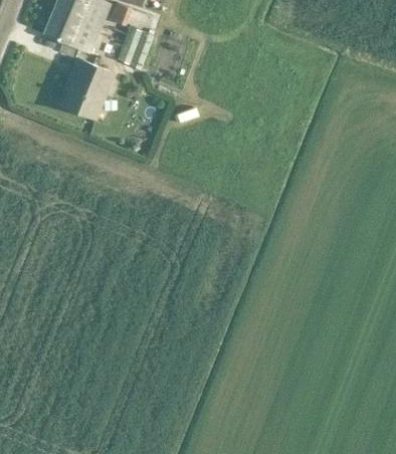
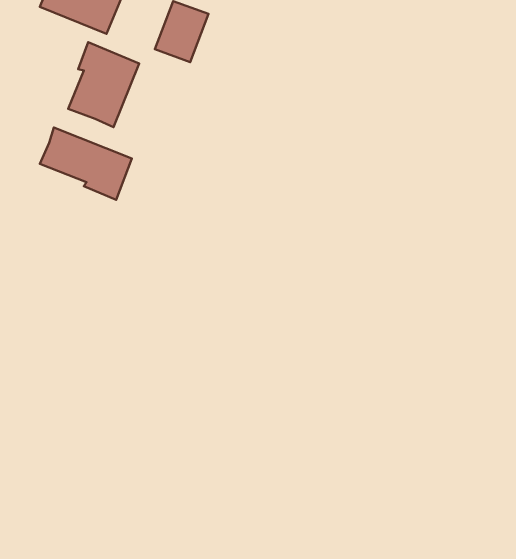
building: none -> [40,127,132,200]

